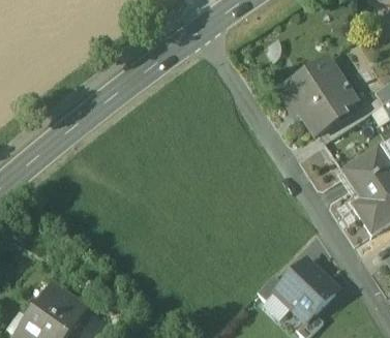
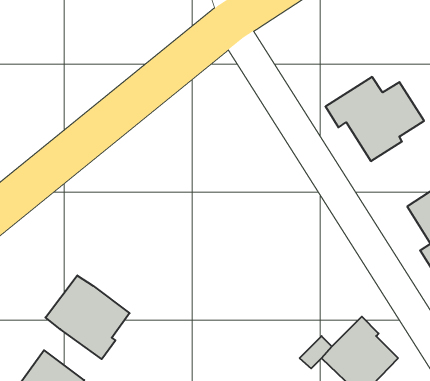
building: none -> [45,275,130,359]

